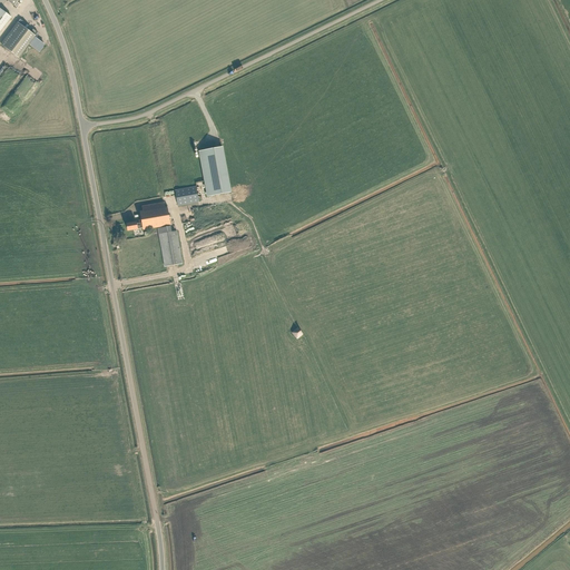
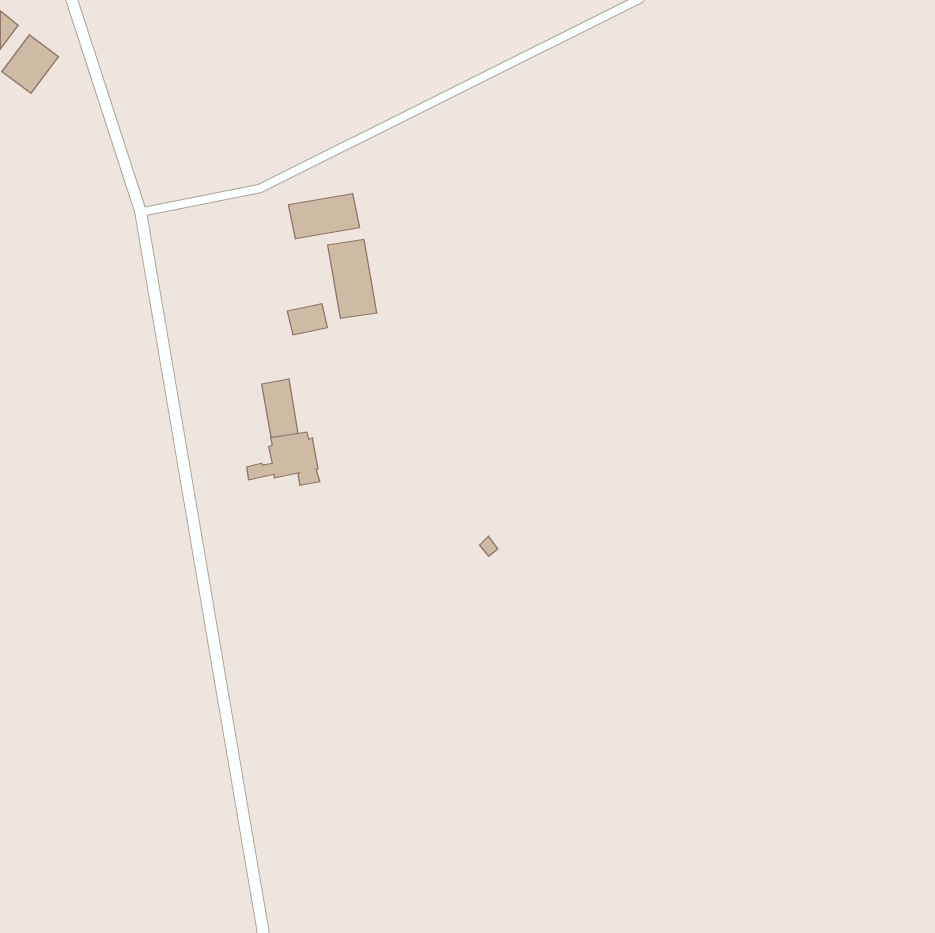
building: none -> [289,193,359,239]
building: [127,202,171,234] -> [247,432,320,485]

